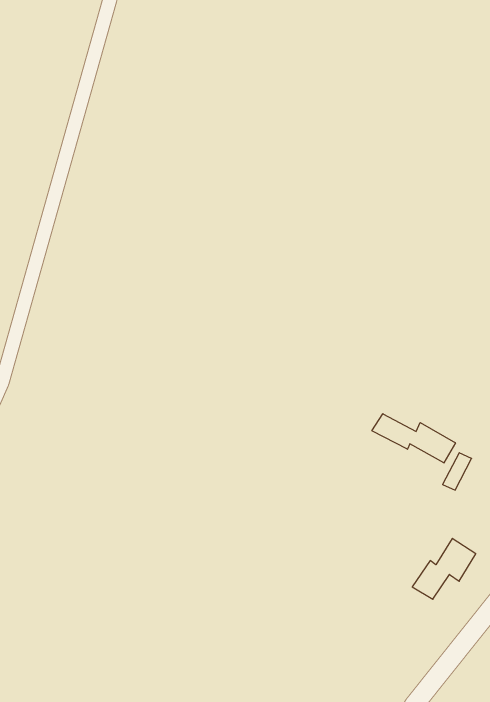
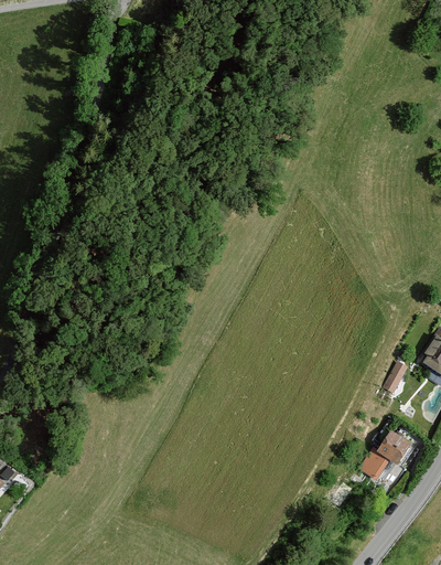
building: [372,414,455,463] -> none

